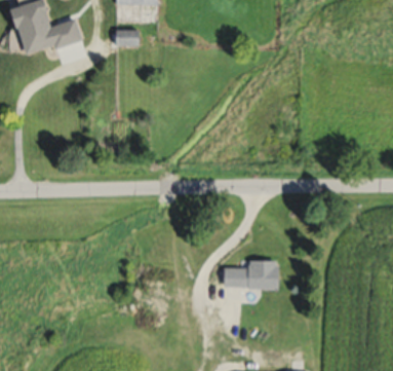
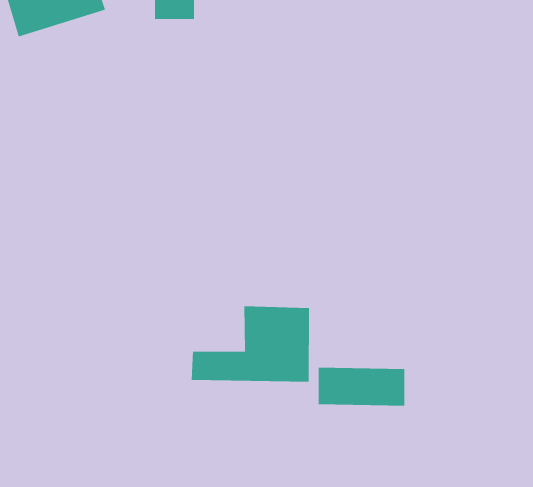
building: none -> [191,305,310,383]

